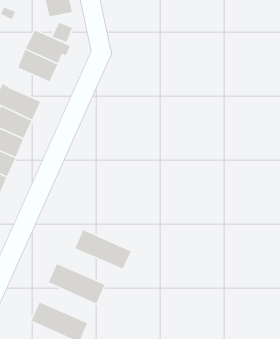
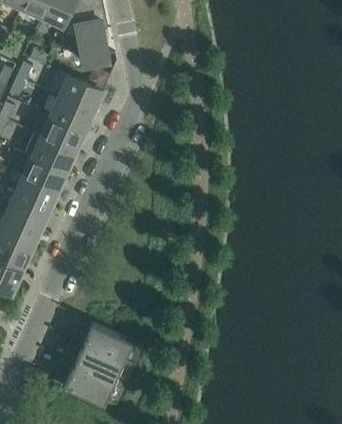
building: none -> [41,116,84,152]
building: [74,229,132,269] -> [73,344,134,386]

